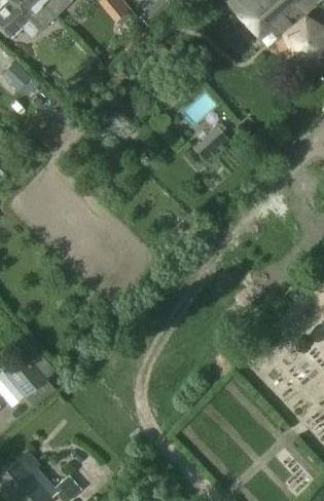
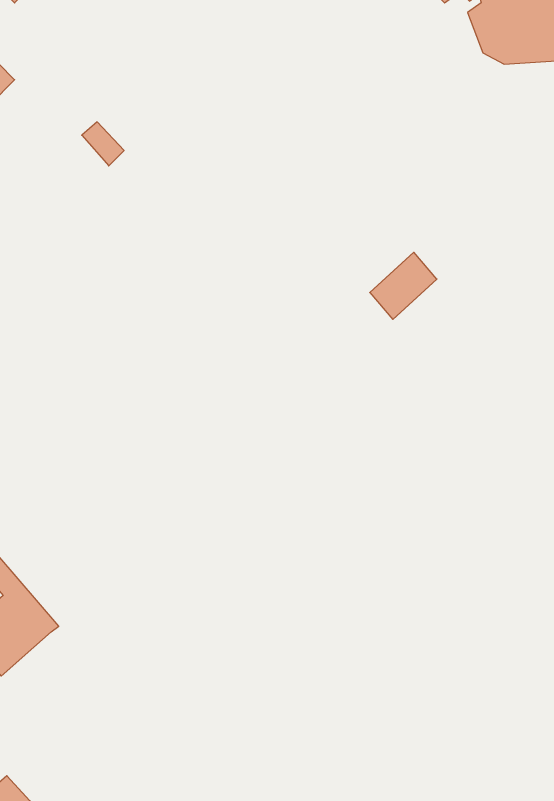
building: [192,126,228,162] -> [370,252,437,319]

